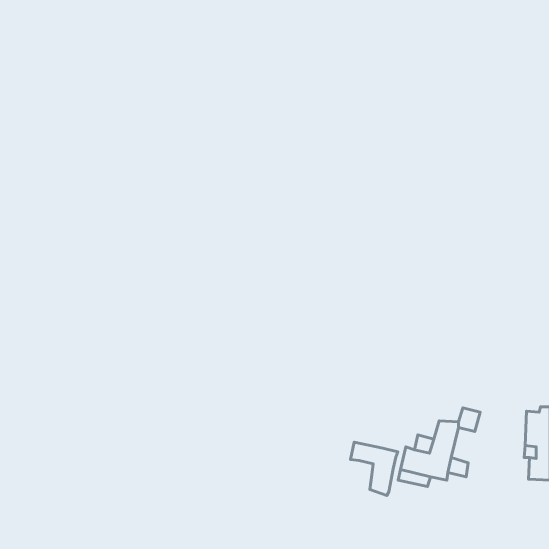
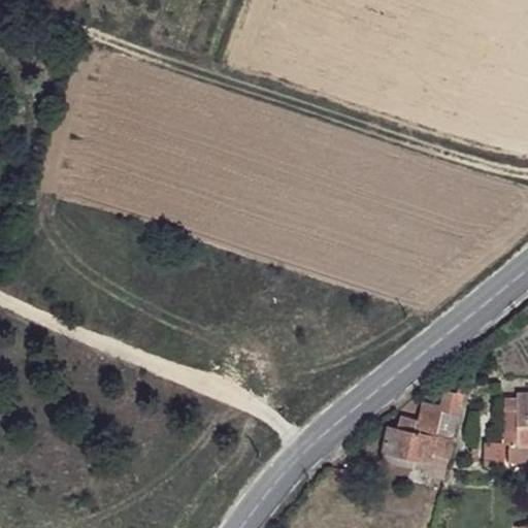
building: [351,442,398,496] -> none

